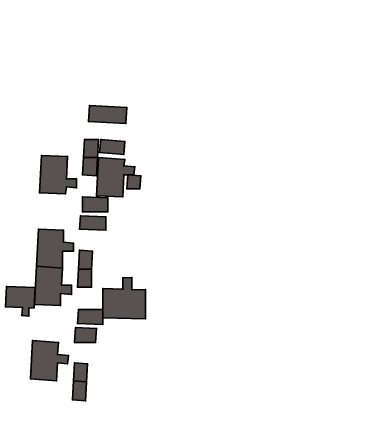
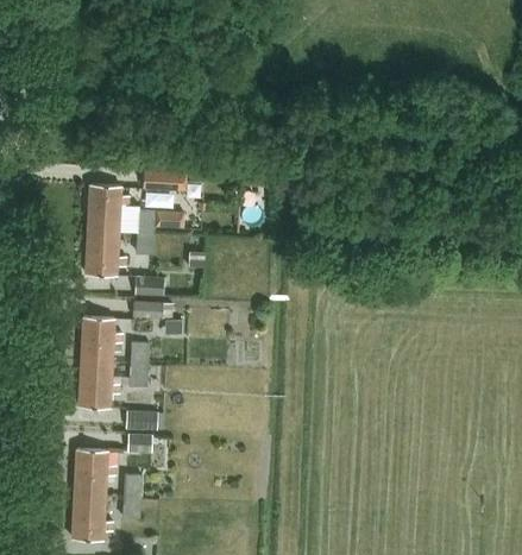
building: [97,158,135,197] -> [87,184,132,231]
building: [103,277,145,319] -> none
building: [5,286,35,316] -> none
building: none -> [71,493,115,540]

